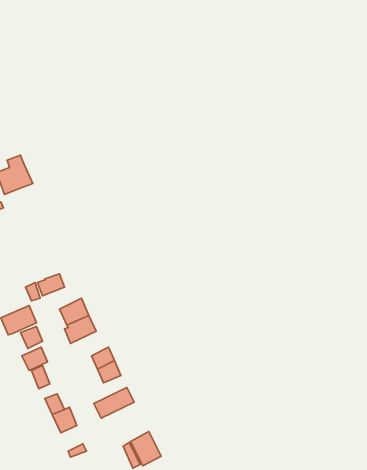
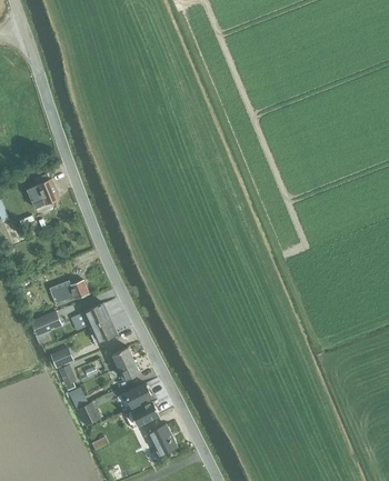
building: none -> [126,399,160,427]

